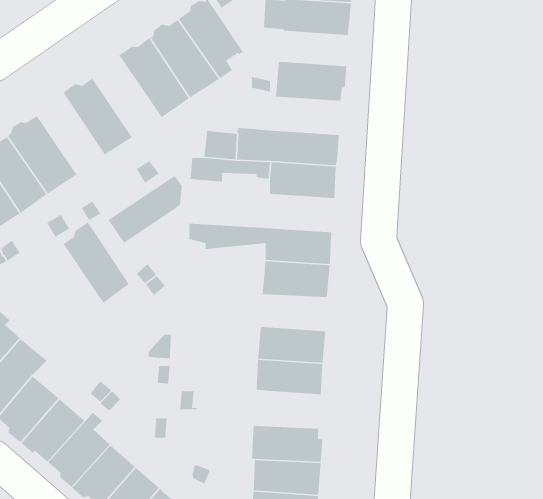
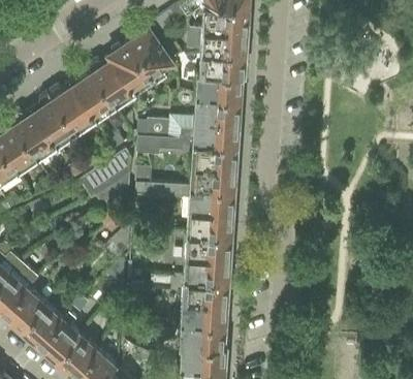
building: none -> [200,51,247,74]
building: none -> [70,67,118,124]
building: none -> [195,96,242,122]
building: none -> [190,163,237,189]
building: [63,221,130,304] -> [32,93,78,150]
building: none -> [186,232,232,257]
building: none -> [181,298,228,324]

